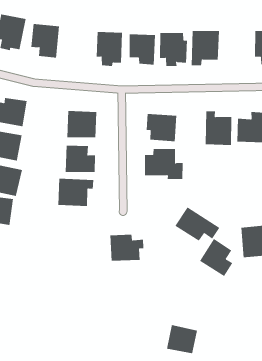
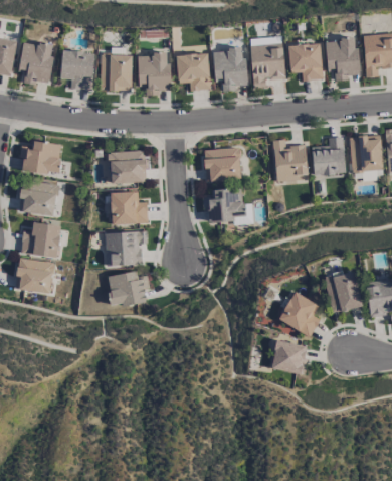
building: none -> [101,54,133,91]
building: none -> [289,43,323,79]
building: [174,207,220,242] -> none
building: [109,234,144,261] -> [108,272,150,306]
building: [166,325,198,354] -> [272,340,309,373]

